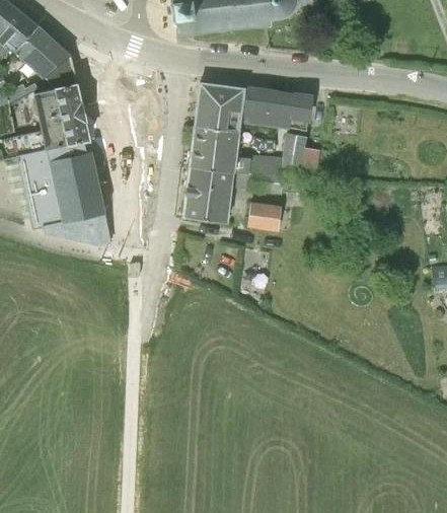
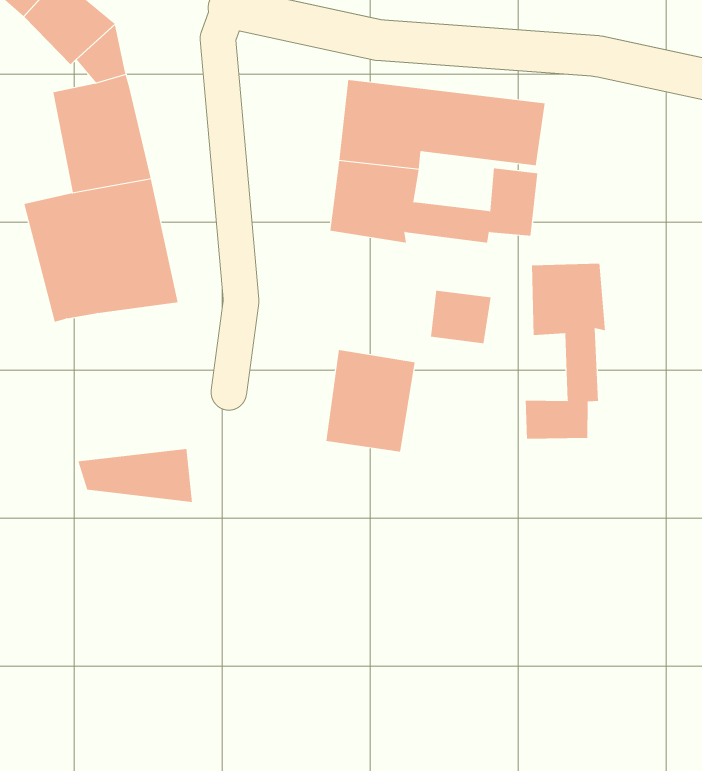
building: [183,169,234,227] -> [325,350,415,452]
building: none -> [525,263,606,439]
building: [43,212,107,242] -> [78,449,193,502]

